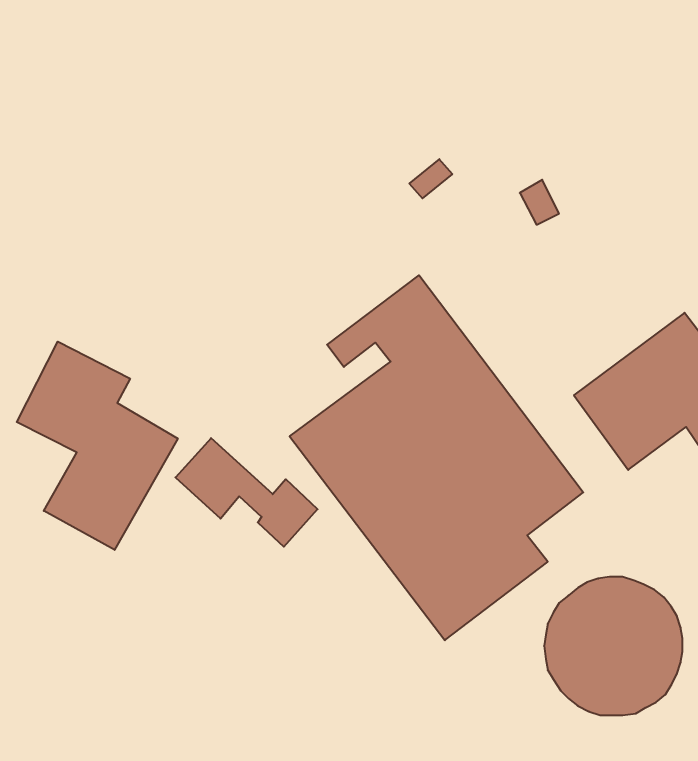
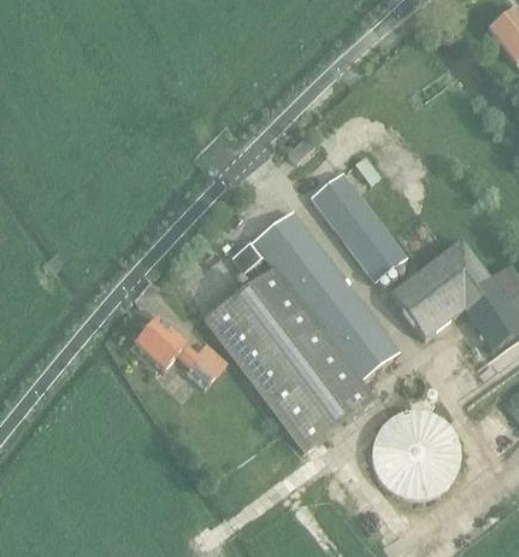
building: none -> [312,175,406,282]
building: [17,342,178,550] -> none

